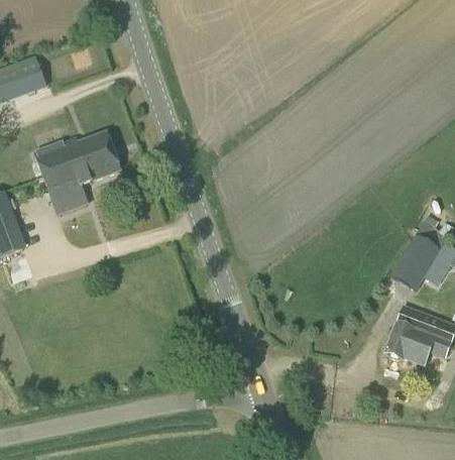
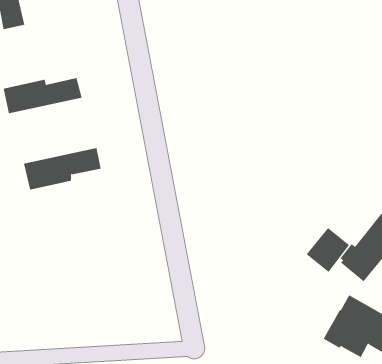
building: [44,150,122,202] -> [23,148,101,190]
building: none -> [306,227,350,273]

